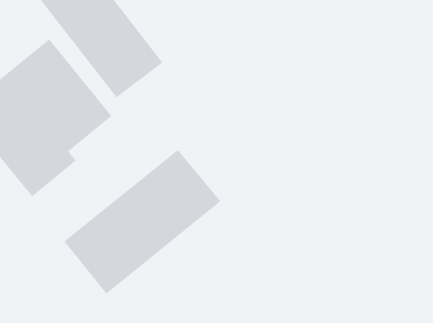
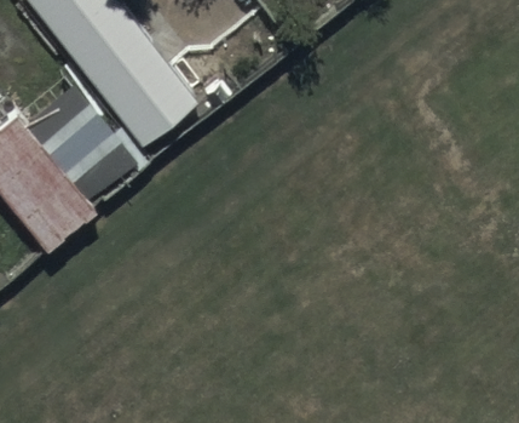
building: [63,149,221,295] -> none

